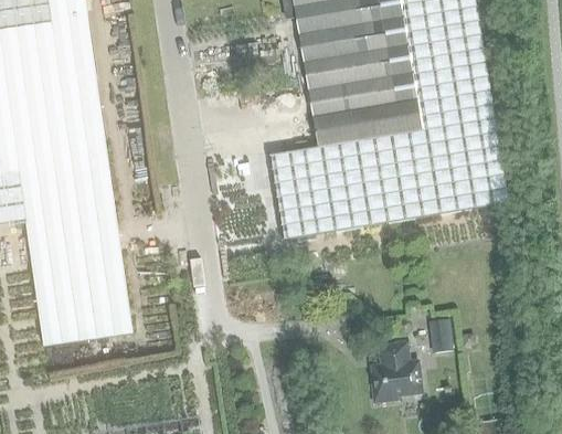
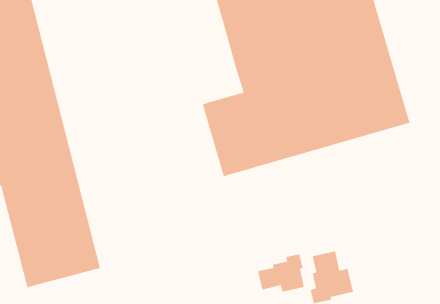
building: [427,317,452,350] -> none
building: none -> [257,253,305,293]

